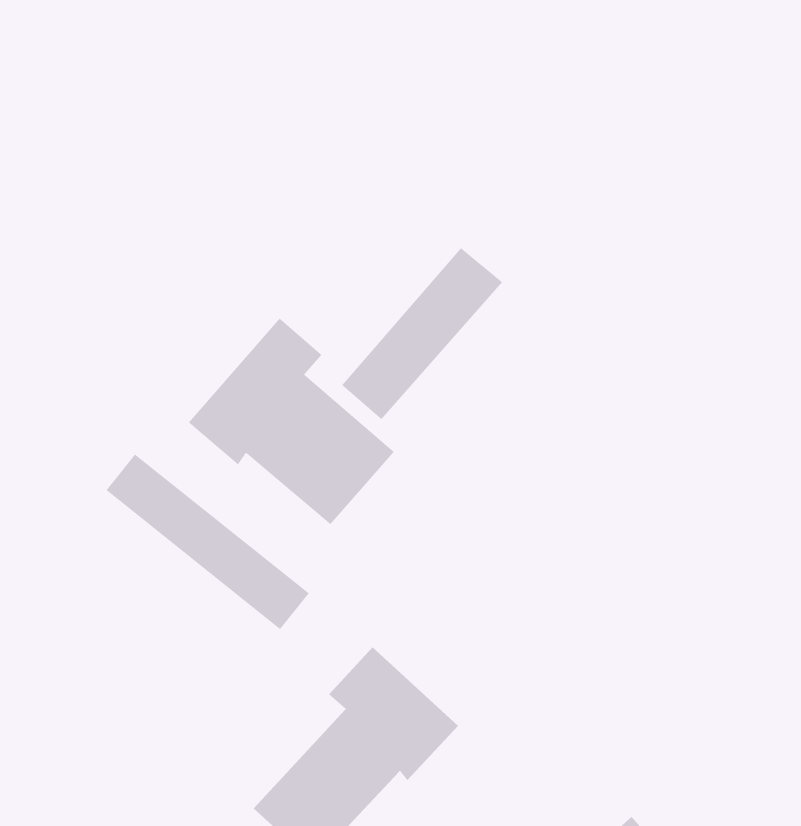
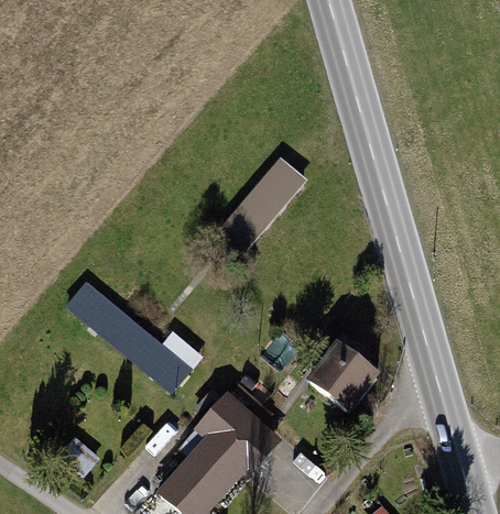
building: [188,318,395,525] -> none
building: none -> [309,335,382,415]

